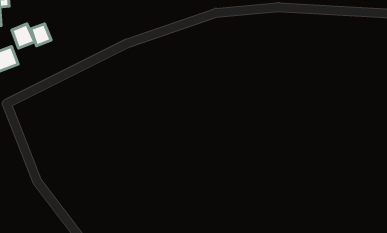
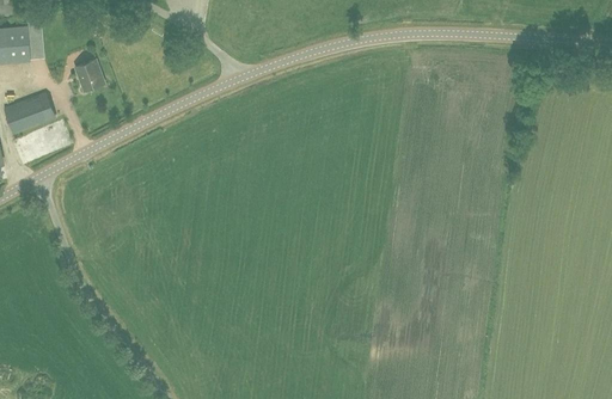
building: [12,24,35,48] -> none

